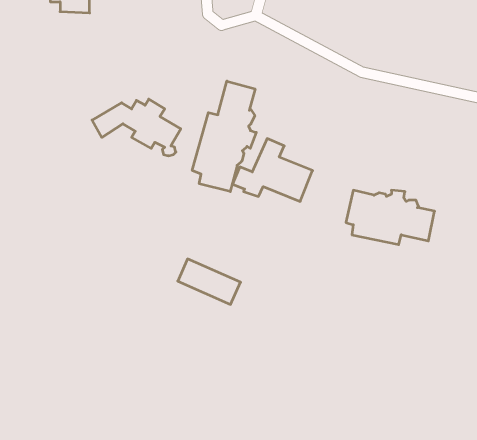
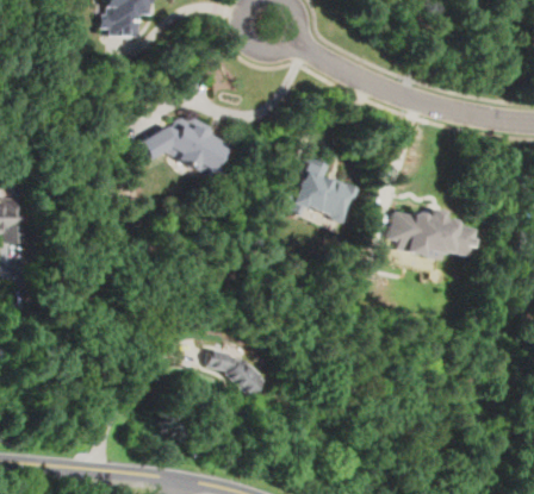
building: [192,81,256,192] -> none
building: [178,259,241,304] -> [206,349,267,393]

